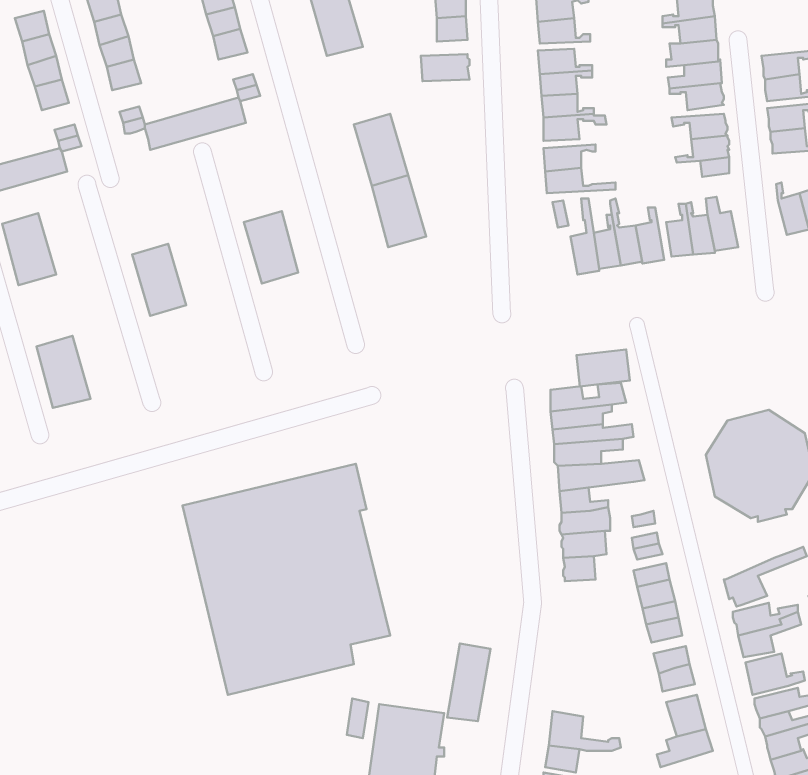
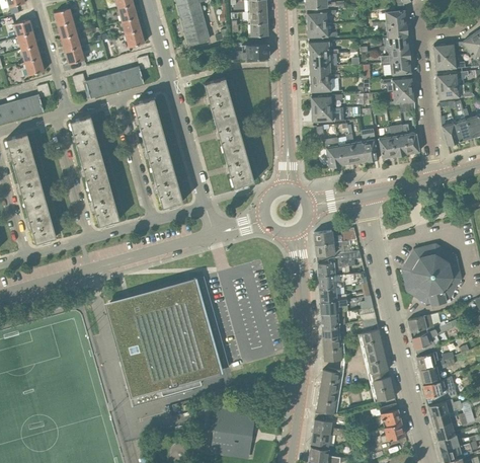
building: none -> [133,97,163,138]
building: none -> [69,115,99,156]
building: none -> [223,146,254,187]
building: none -> [152,166,182,207]
building: none -> [15,167,46,208]
building: none -> [89,184,119,225]
building: [576,349,630,386] -> none
building: none -> [407,314,439,338]
building: none -> [322,338,341,361]
building: [447,644,490,721] -> [316,370,340,413]

